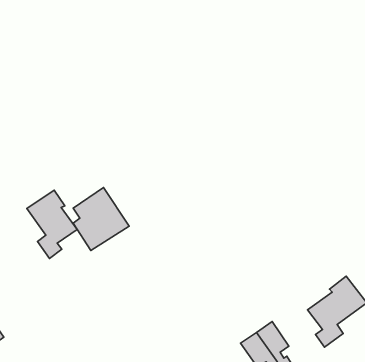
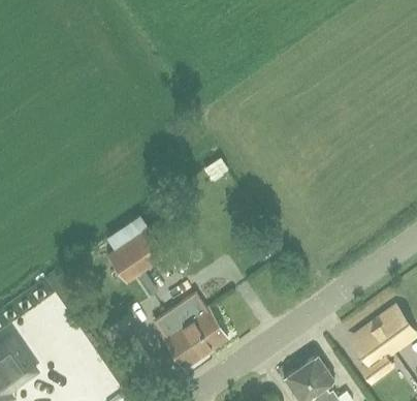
building: [27,190,77,258] -> none
building: none -> [150,289,227,369]

